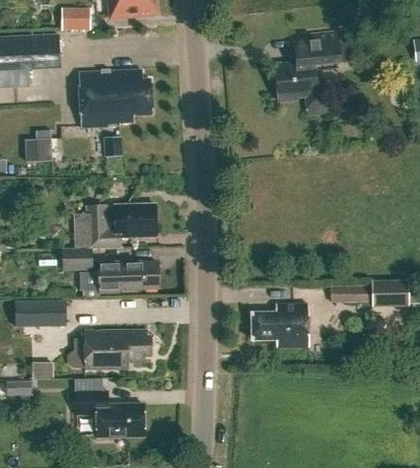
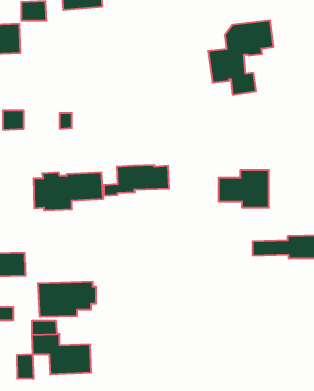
building: [79,70,150,129] -> none
building: [61,249,91,271] -> none
building: [82,262,158,297] -> [104,165,169,196]
building: [249,305,307,348] -> [218,170,269,208]
building: none -> [17,354,33,379]

